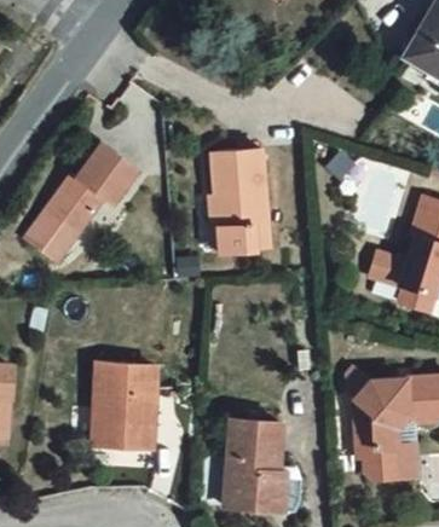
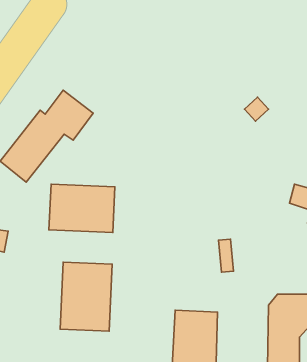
building: [215,156,272,260] -> none
building: none -> [49,184,115,233]

